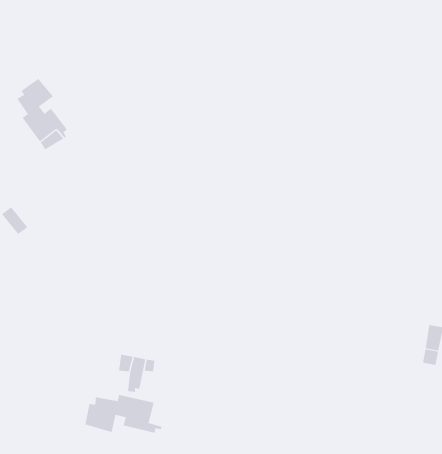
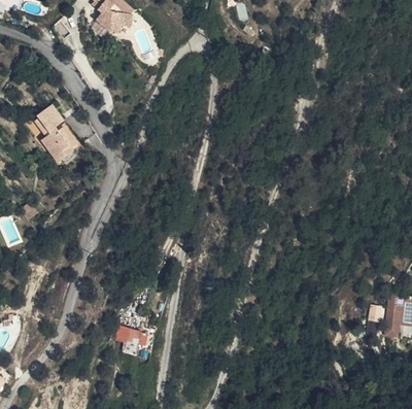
building: [85,394,163,434] -> none

